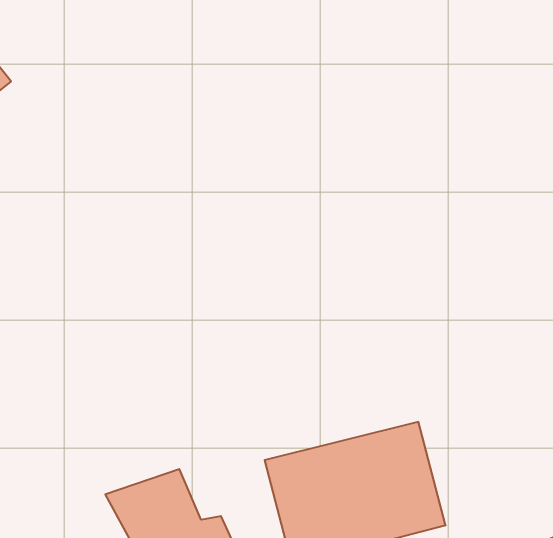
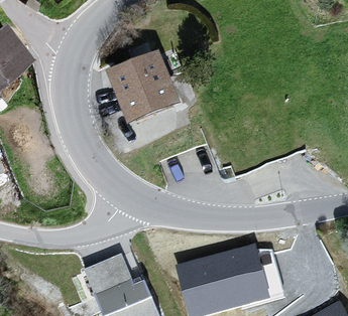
building: none -> [112,63,189,136]

